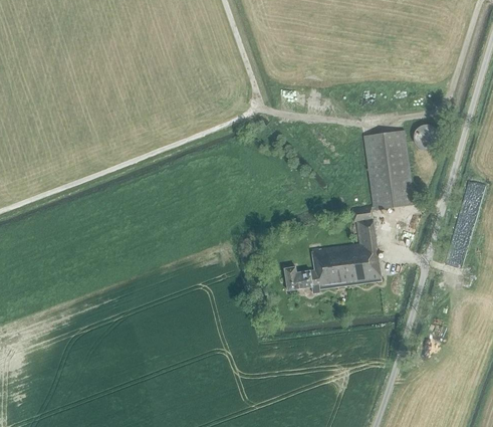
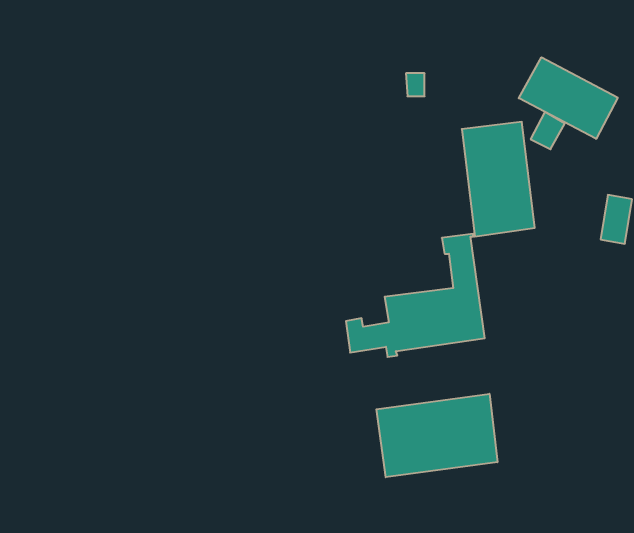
building: none -> [519,57,618,139]
building: none -> [376,394,497,477]

